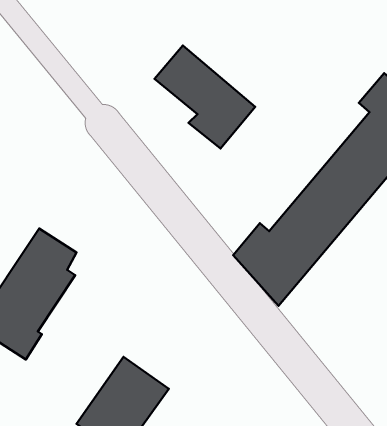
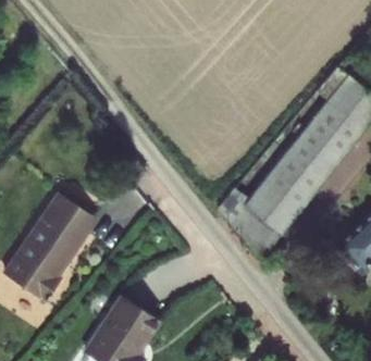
building: [155,45,255,148] -> none

